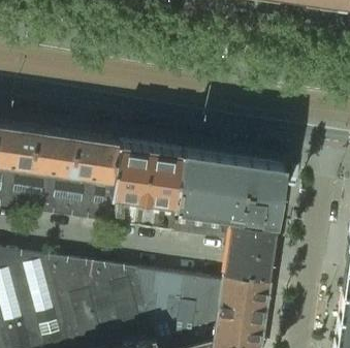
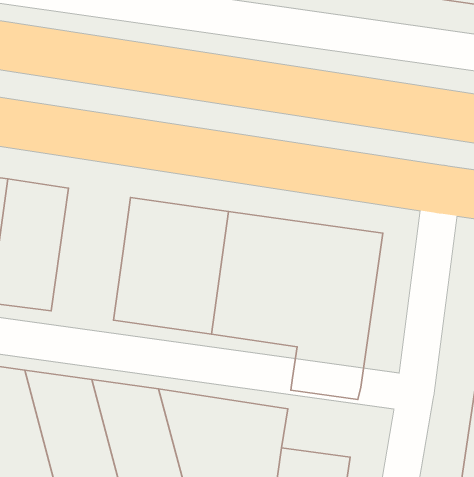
building: [67,135,120,223] -> none
building: [220,270,271,314] -> none

